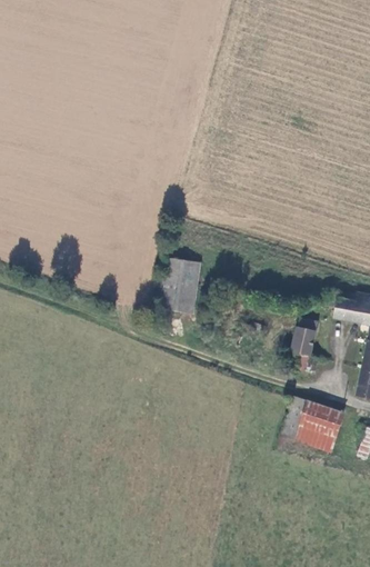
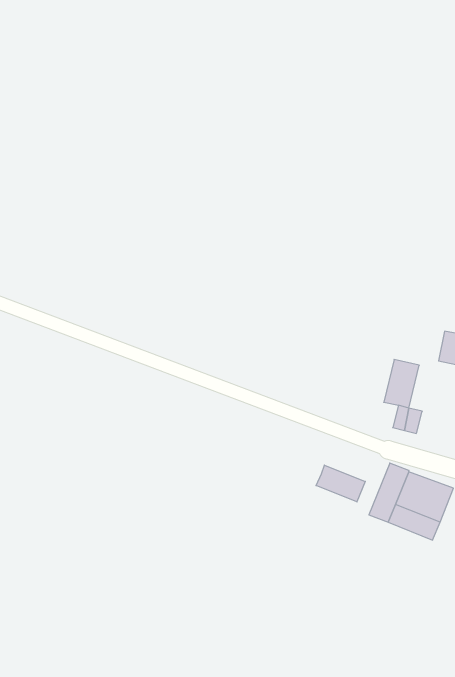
building: [158,257,200,315] -> none
building: none -> [316,465,365,502]

